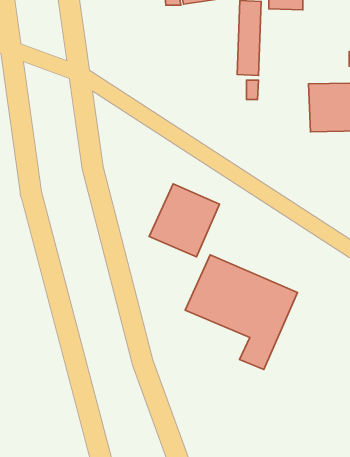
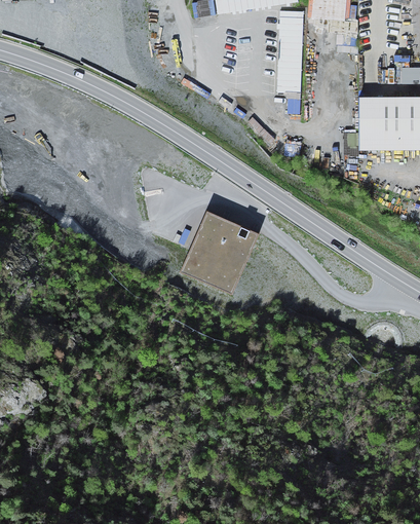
building: [185,255,298,369] -> none

